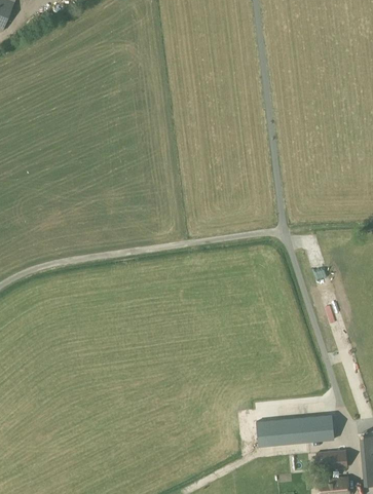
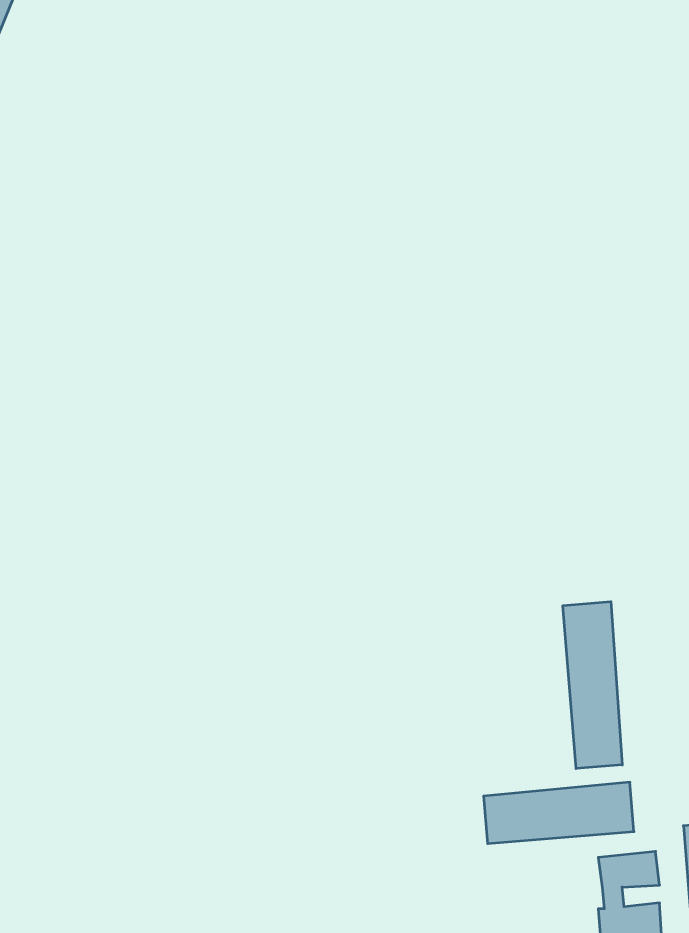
building: none -> [563,602,622,769]

